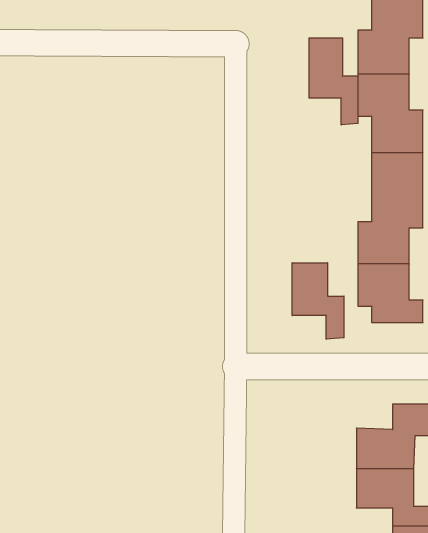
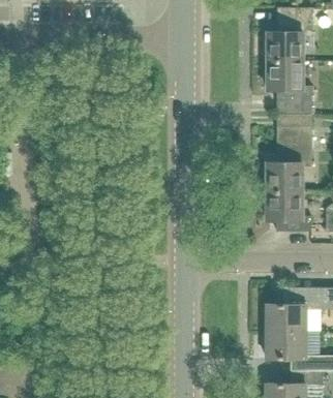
building: [309,38,358,125] -> none
building: [292,263,344,339] -> none

